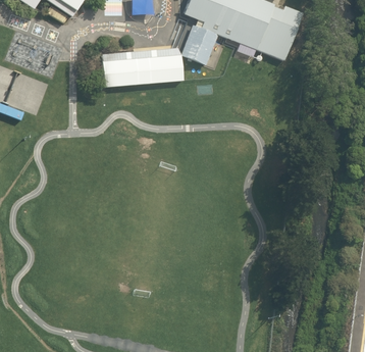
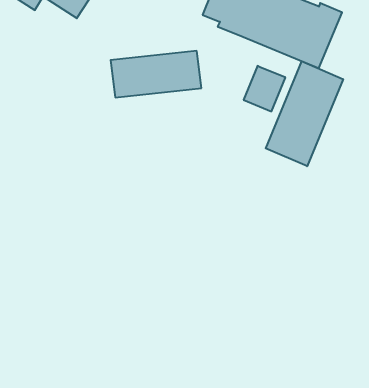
building: [181,24,218,64] -> [244,66,285,111]
building: none -> [266,61,343,166]

